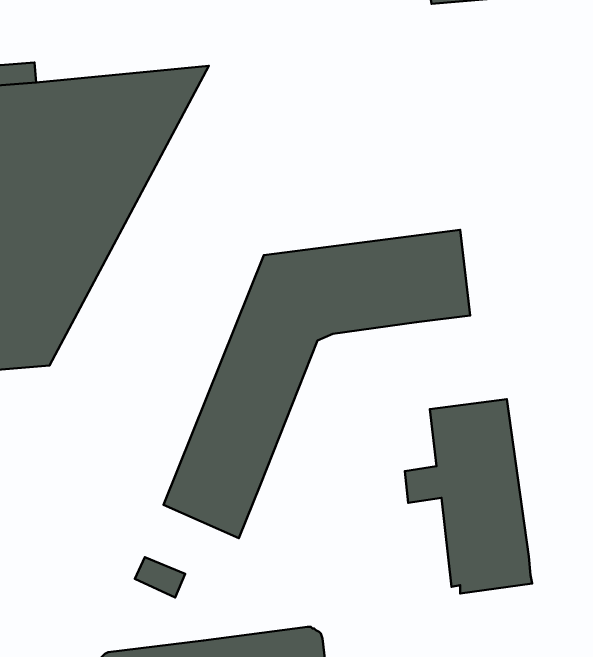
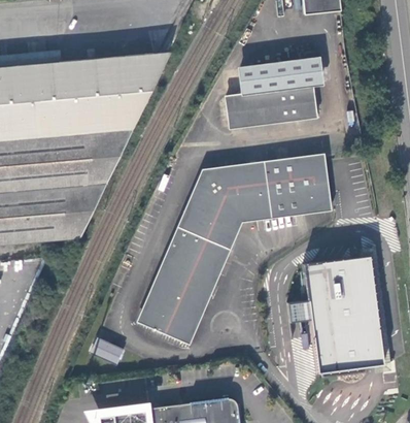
building: none -> [227,60,321,128]
building: none -> [351,255,383,366]
building: [135,557,185,597] -> [92,339,123,364]

